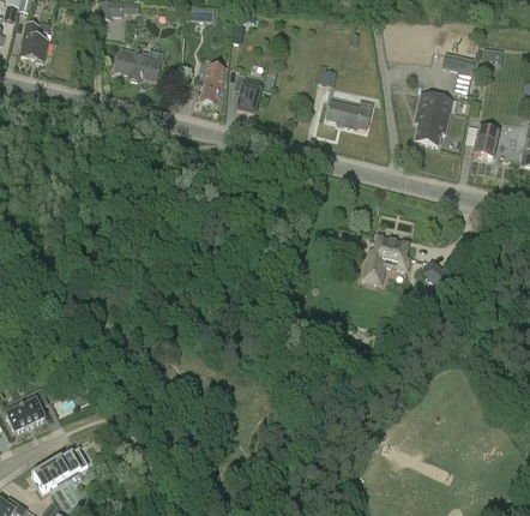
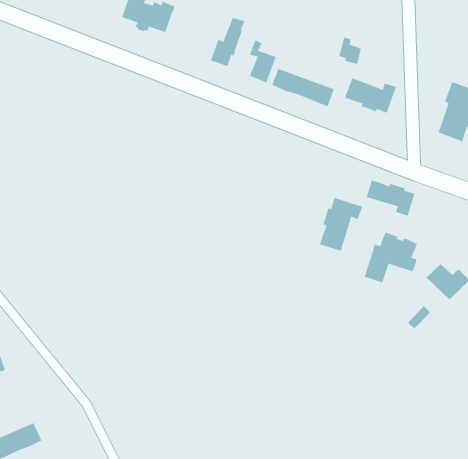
building: none -> [271,68,334,107]
building: none -> [366,180,415,217]
building: none -> [319,197,363,251]

